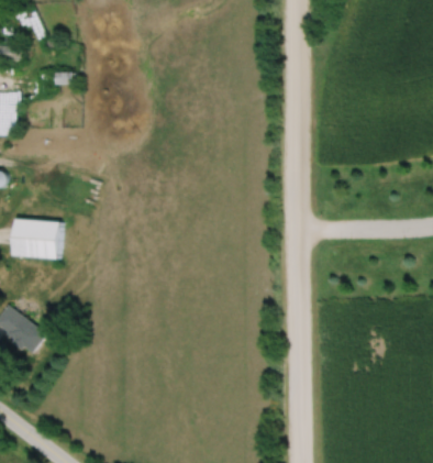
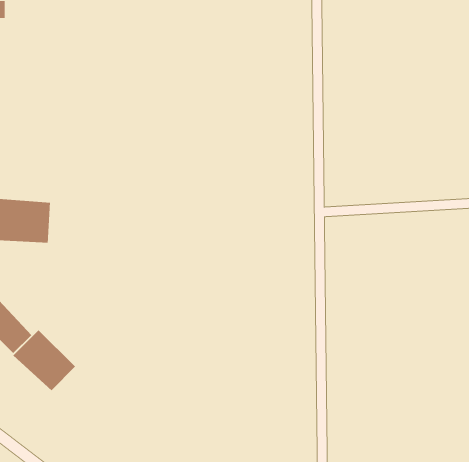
building: none -> [12,329,76,391]

